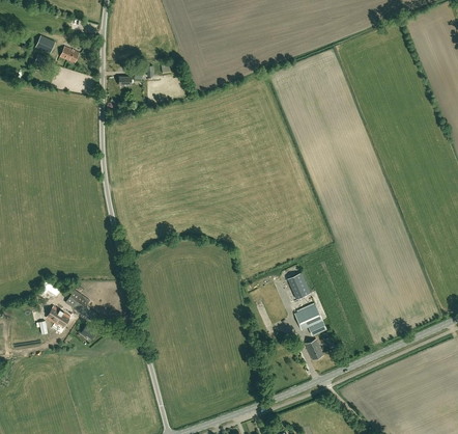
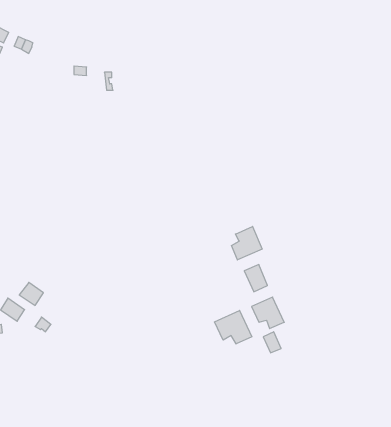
building: none -> [231,226,262,260]
building: none -> [214,310,252,344]

